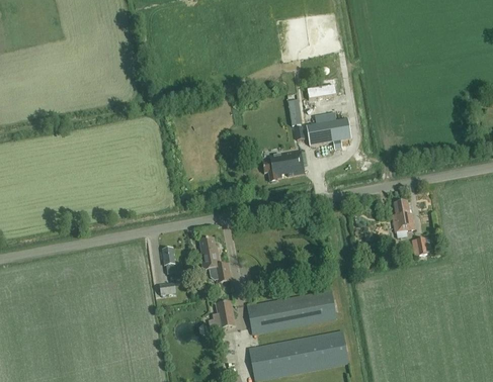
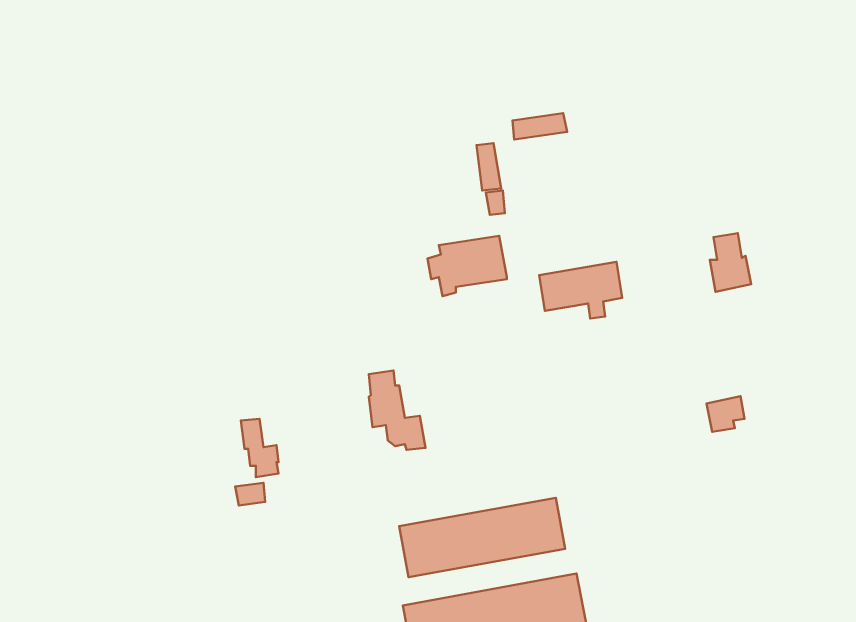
building: [306,119,350,150] -> [539,262,622,318]
building: [392,201,414,232] -> [710,233,751,292]
building: [200,240,231,282] -> [369,371,425,450]
building: [217,301,236,328] -> none

